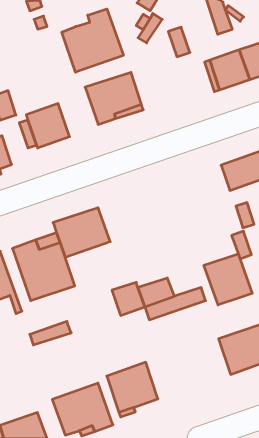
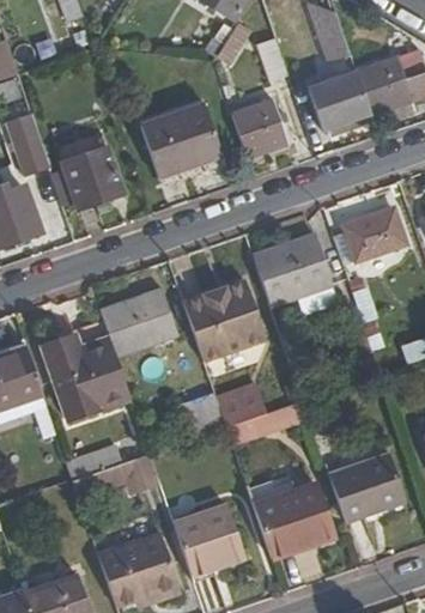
building: [62,9,123,72] -> none
building: none -> [231,99,287,154]
building: none -> [253,236,329,304]
building: none -> [182,280,263,360]
building: [204,254,252,305] -> none
building: none -> [251,484,333,554]

